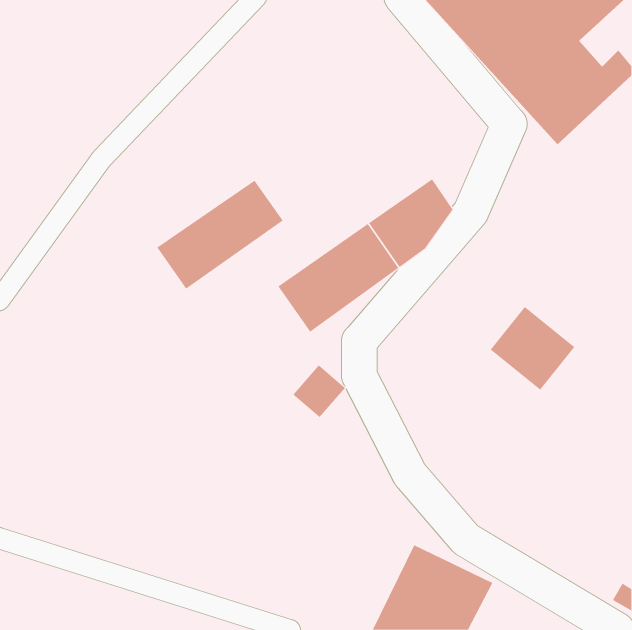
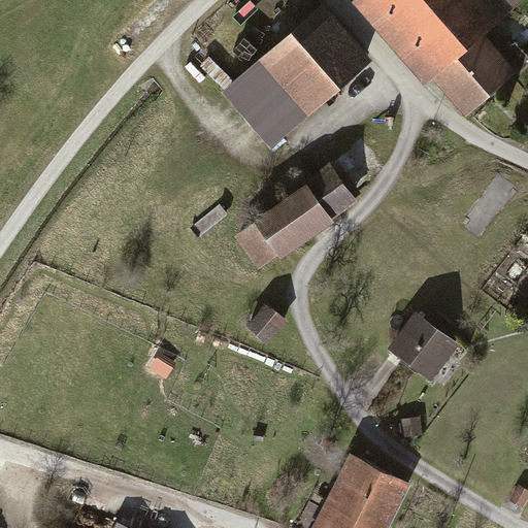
building: none -> [220,4,370,148]
building: [157,180,283,289] -> none
building: [490,306,575,390] -> [385,311,456,382]

